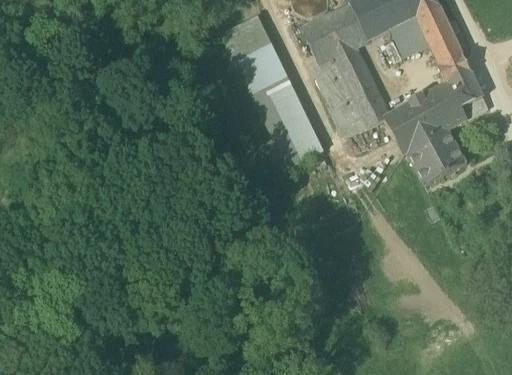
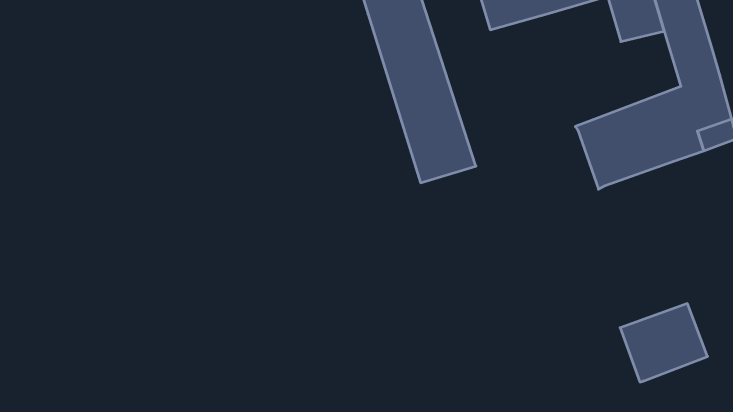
building: [312,44,389,135] -> none
building: [407,128,466,183] -> [620,304,708,382]

